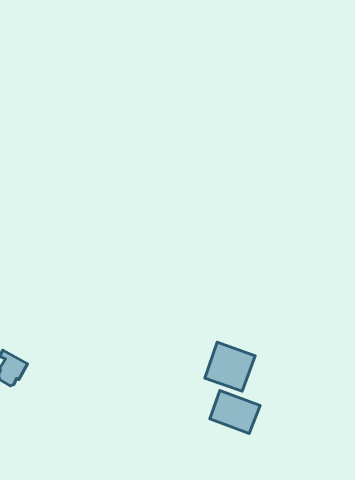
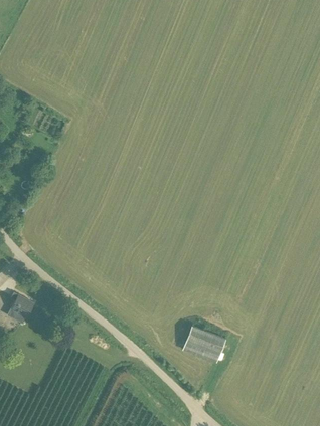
building: [205,342,255,391] -> none

